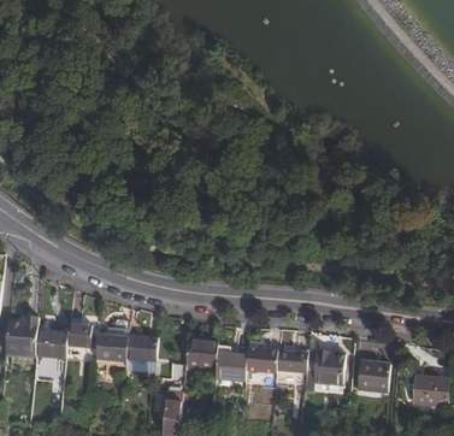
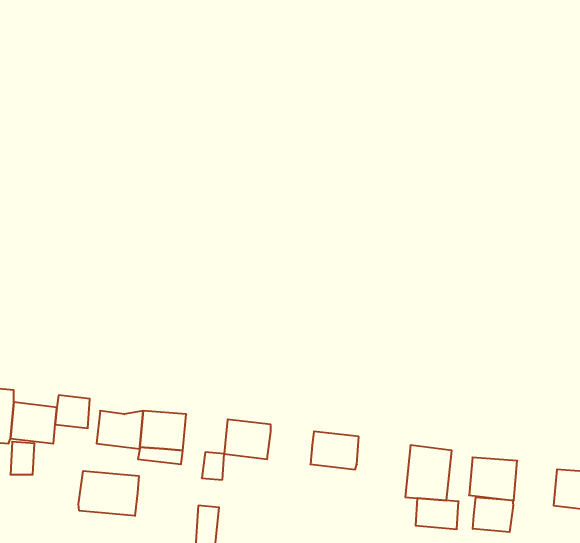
building: [213,347,246,381] -> none
building: [277,350,307,372] -> [416,498,459,529]
building: none -> [78,471,139,516]
building: none -> [473,497,513,532]

